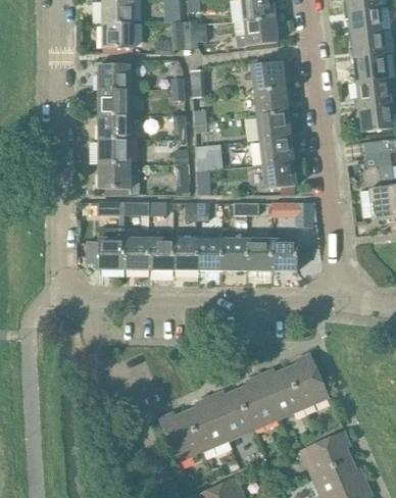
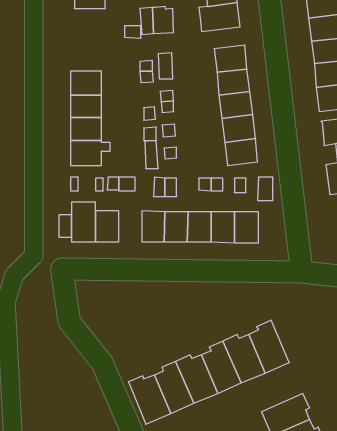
building: [102,22,135,48] -> none
building: [98,64,131,89] -> none
building: [149,237,174,269] -> none

